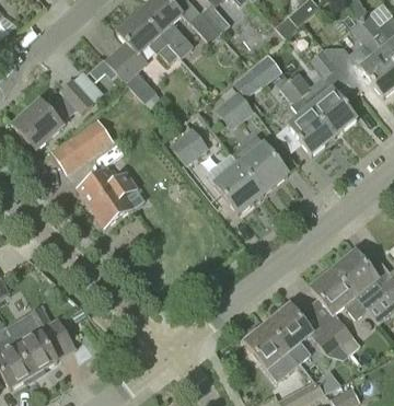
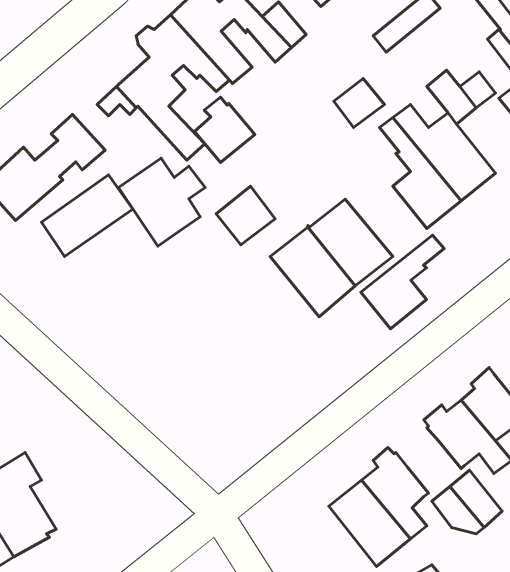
building: [215,85,255,129] -> [194,97,255,162]
building: none -> [361,235,444,329]
building: [78,169,136,228] -> [119,158,205,246]

